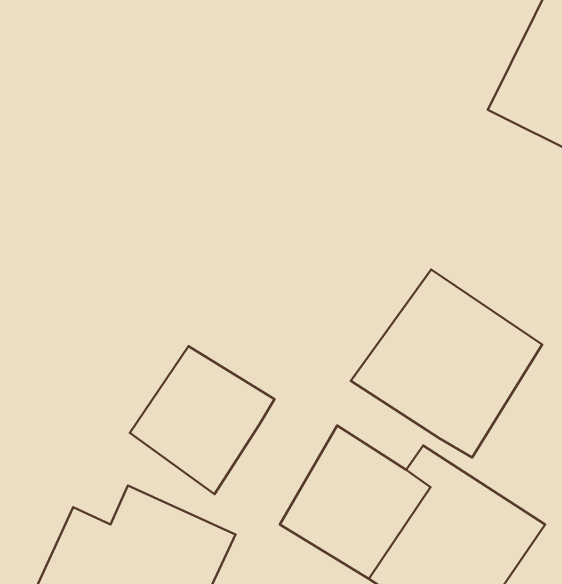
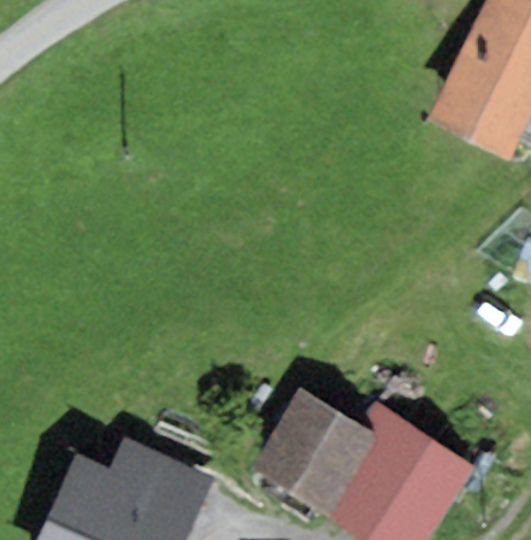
building: [351,269,542,458] -> none
building: [130,346,274,494] -> none

